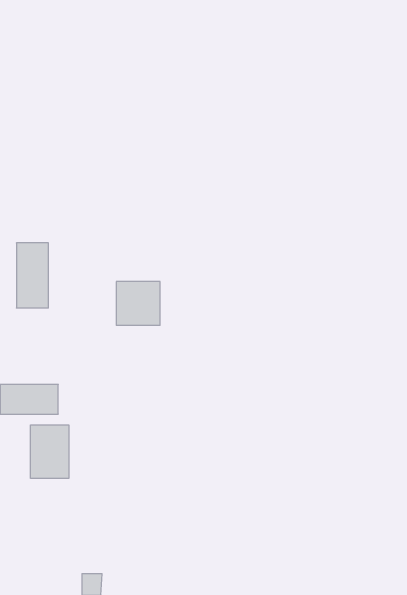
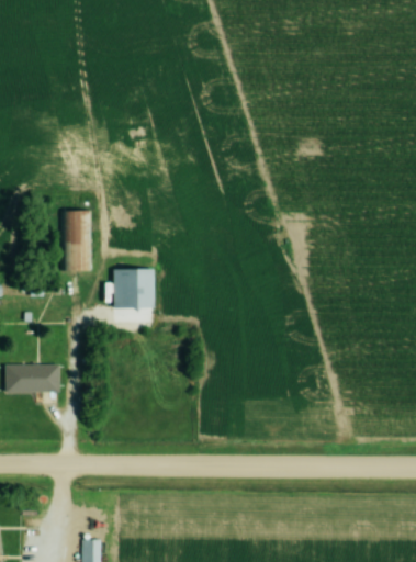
building: [16,243,48,308] -> [61,211,91,271]
building: [31,425,69,478] -> none

